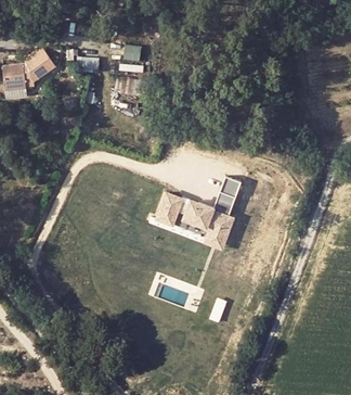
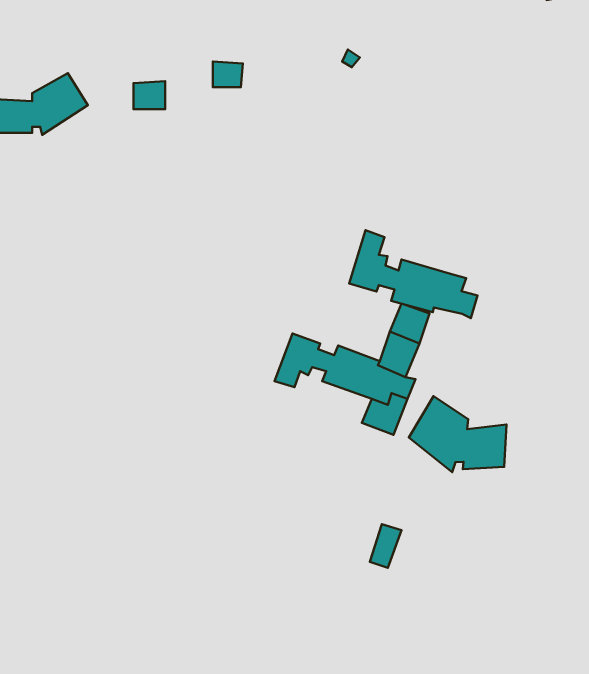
building: none -> [349,230,477,318]
building: none -> [409,396,506,472]

